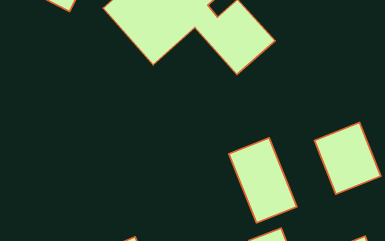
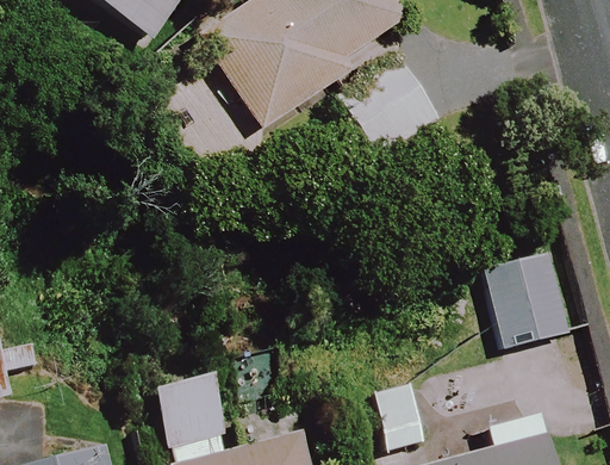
building: [229,138,297,223] -> none

